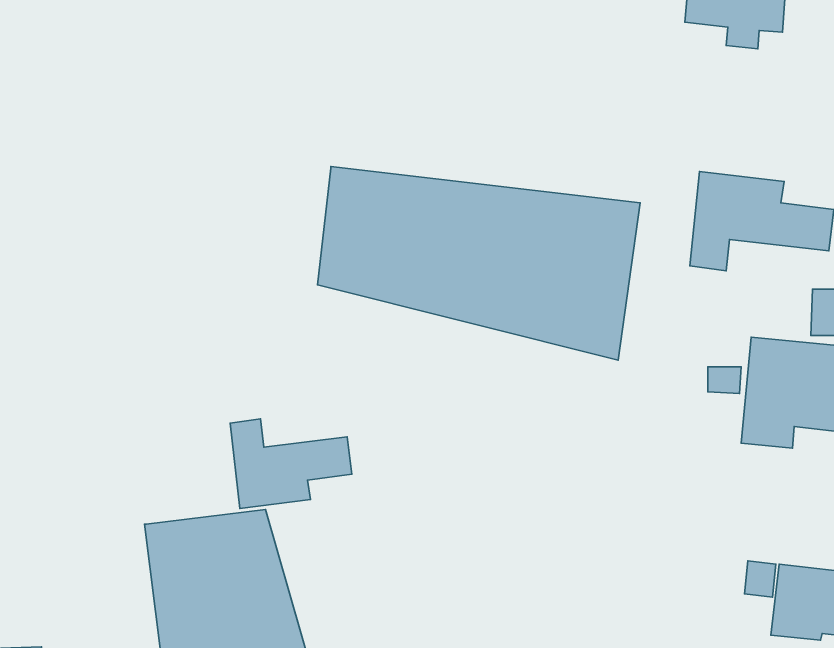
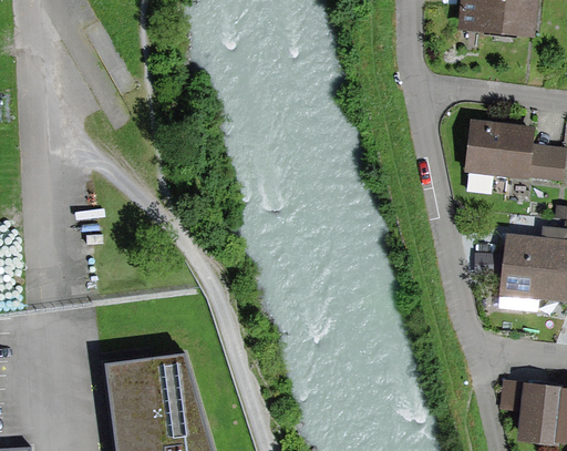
building: [317,166,640,360] -> none
building: [230,419,352,508] -> none

